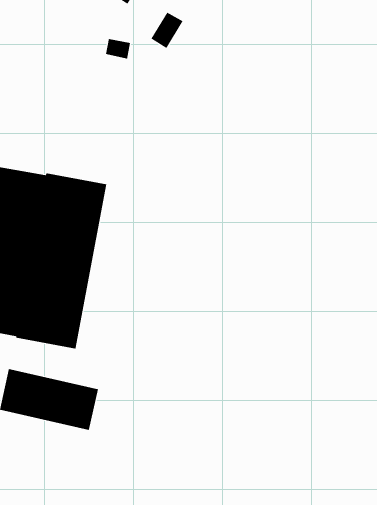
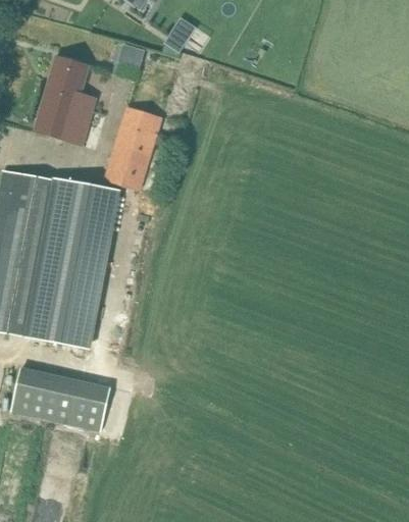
building: none -> [36,57,95,144]
building: none -> [104,107,161,190]

